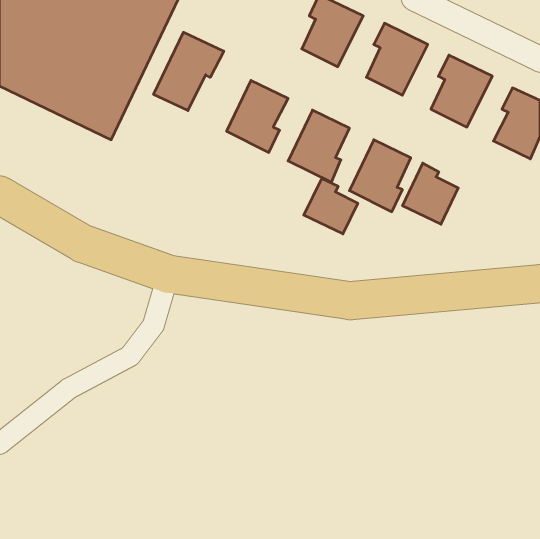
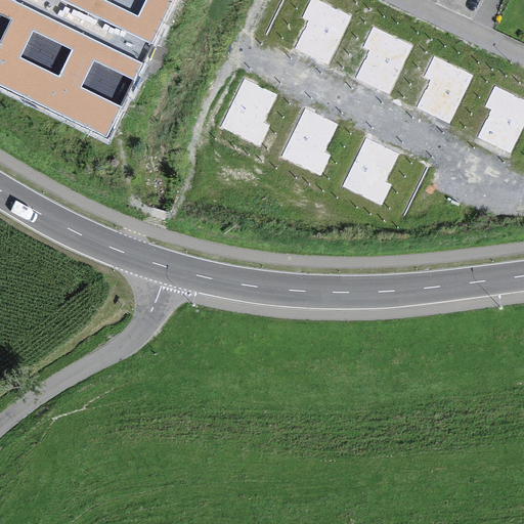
building: [154,32,224,111] -> none
building: [403,163,458,224] -> none
building: [304,178,358,234] -> none

